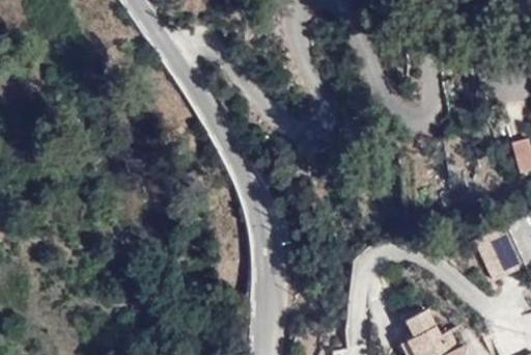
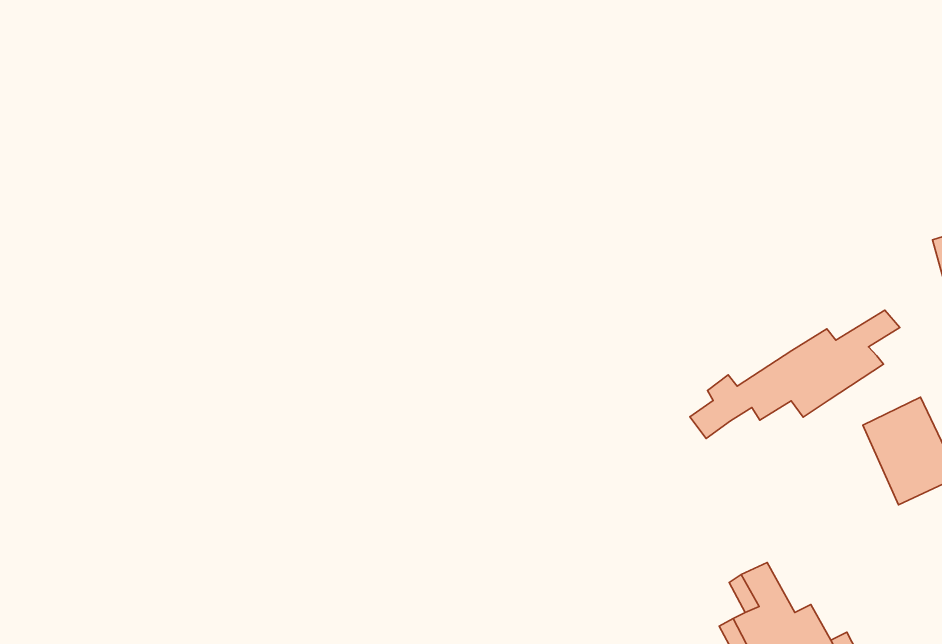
building: none -> [690,310,900,439]

